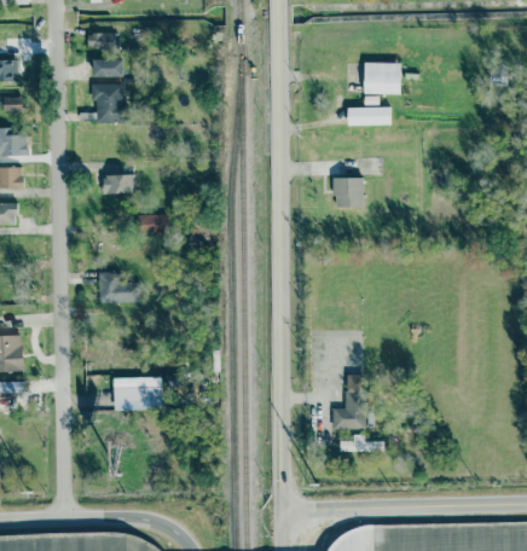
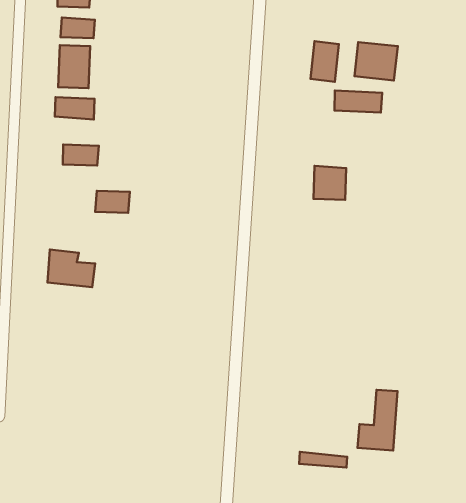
building: none -> [311,41,339,82]
building: none -> [55,97,95,119]
building: [332,375,365,429] -> [358,390,398,450]
building: [114,377,162,410] -> none

